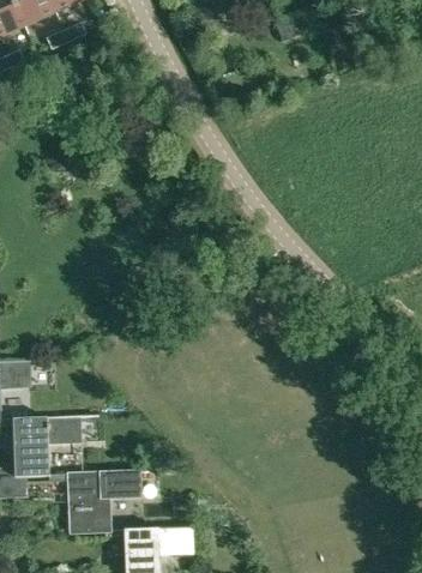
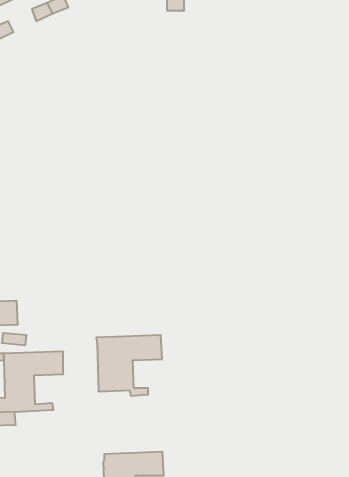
building: [67,470,140,537] -> [96,335,162,396]

